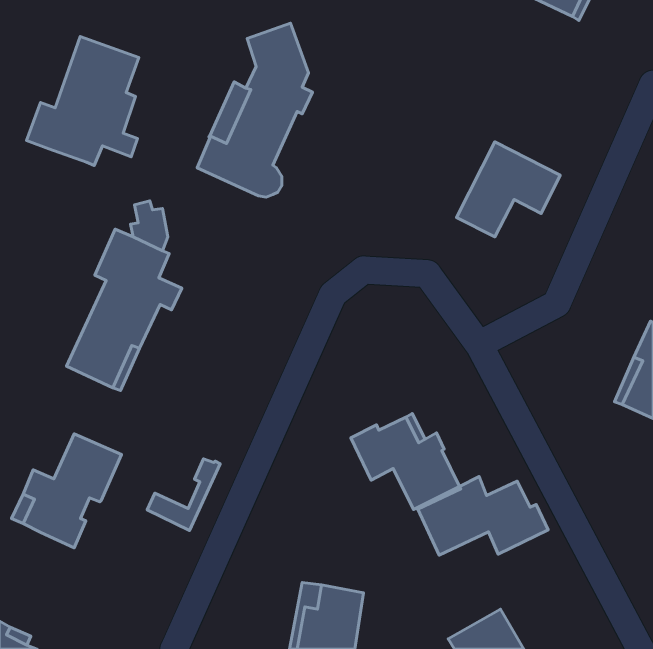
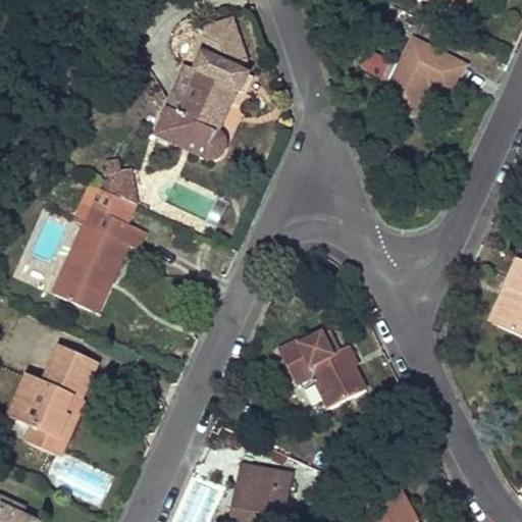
building: [26,36,139,165] -> none
building: [456,142,560,237] -> [382,37,465,112]
building: [147,459,220,530] -> [27,397,85,454]
building: [418,477,548,555] -> none

